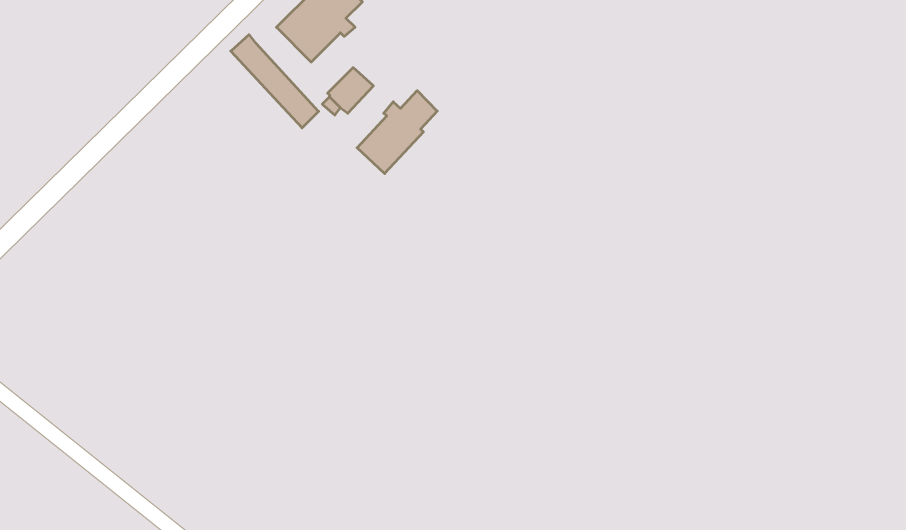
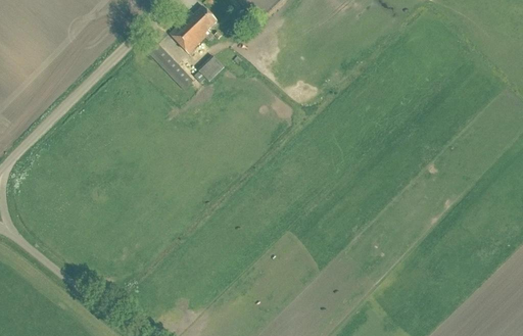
building: [357,91,437,174] -> none

